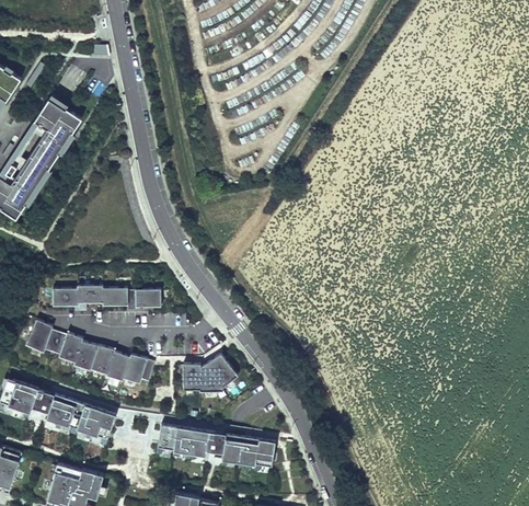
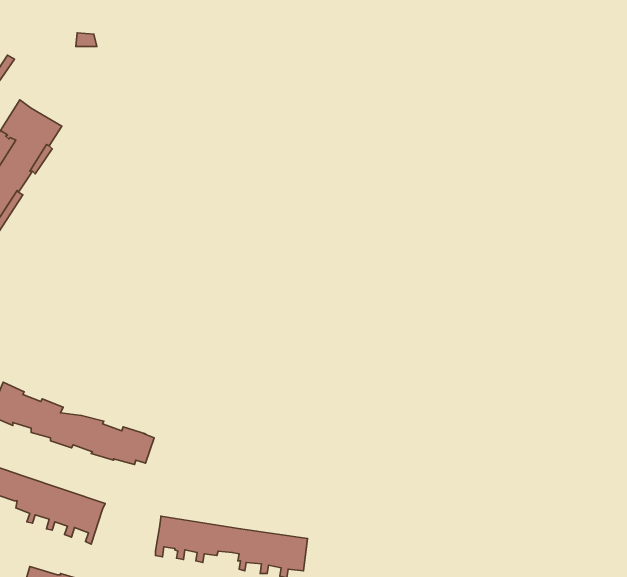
building: [51,283,160,311] -> none
building: [181,354,237,392] -> none

